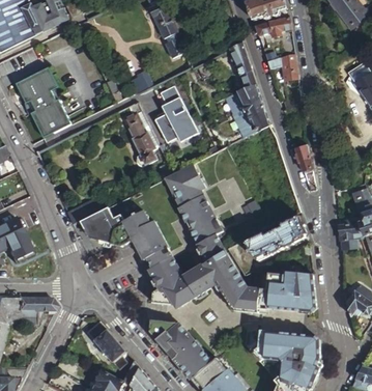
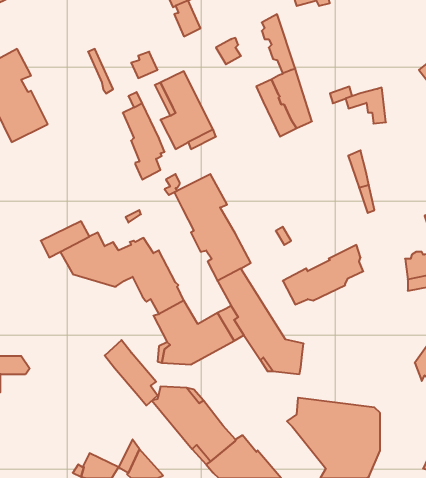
building: [265,54,295,81] -> [346,88,386,124]
building: [260,272,316,313] -> none
building: [88,322,127,370] -> [105,340,158,405]

